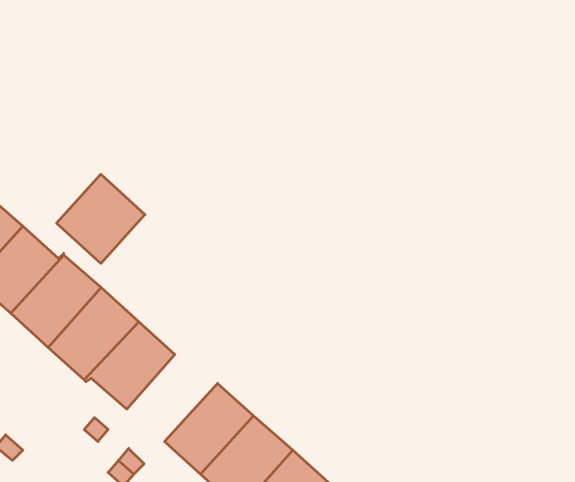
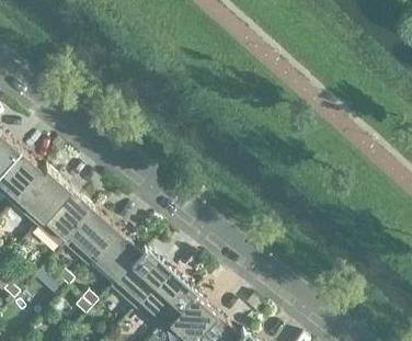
building: [57,174,145,263] -> none
building: none -> [84,229,142,285]

